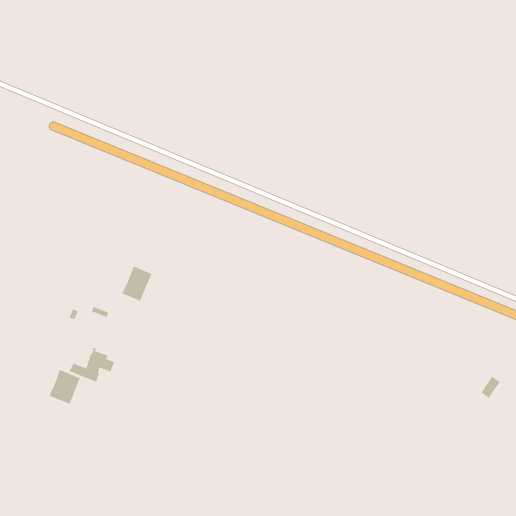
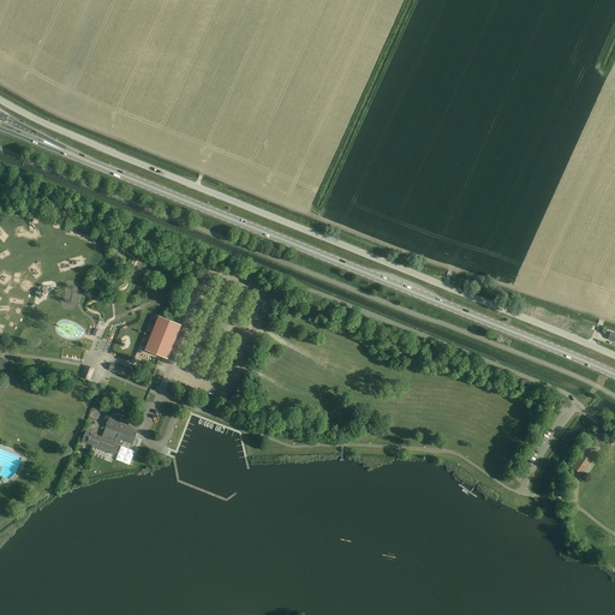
building: [48,369,81,405] -> none

